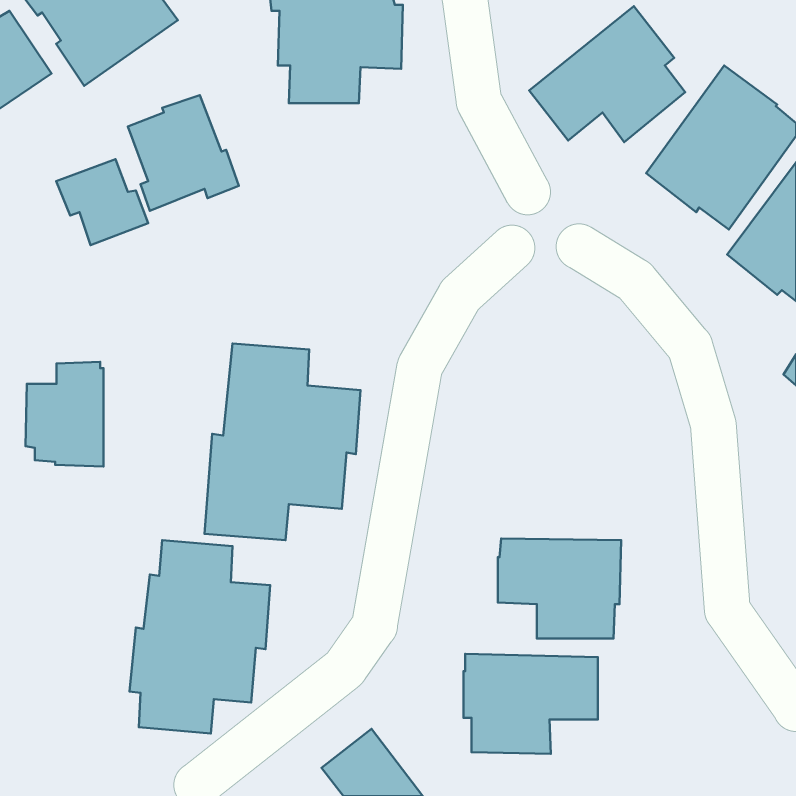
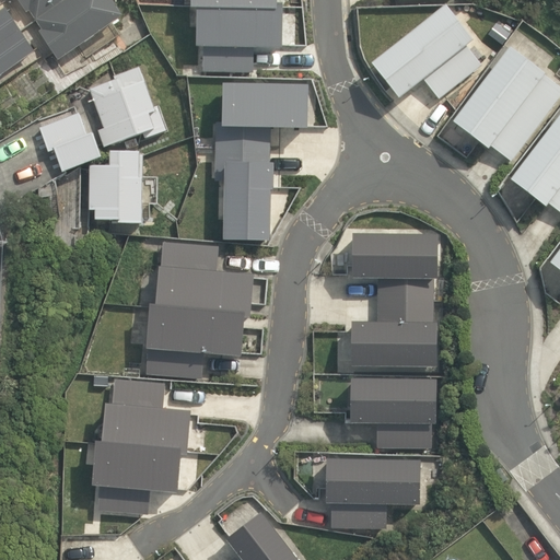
building: none -> [213,82,307,241]
building: none -> [350,232,438,366]
building: [25,362,103,466] -> [90,150,144,223]

